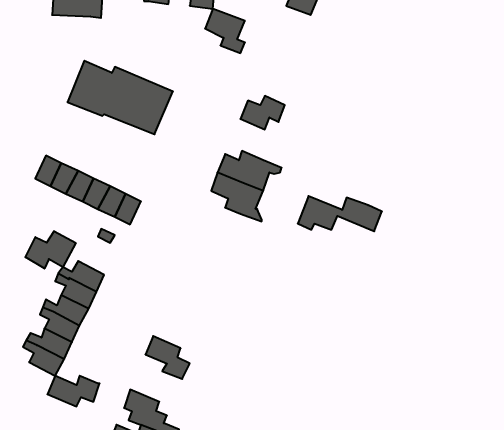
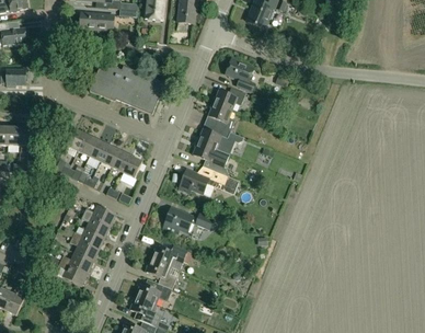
building: [205,9,245,53] -> [226,58,254,90]
building: none -> [208,102,234,131]
building: [298,196,382,231] -> [179,169,239,194]
building: [25,231,76,269] -> none
building: none -> [162,207,215,233]
building: none -> [151,244,187,269]
building: [47,376,100,406] -> [135,283,172,305]

